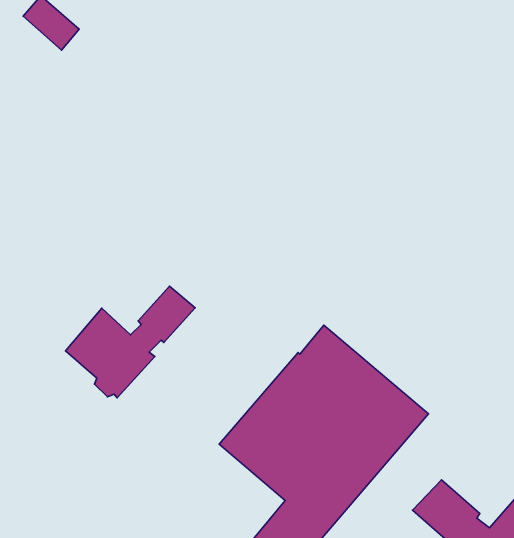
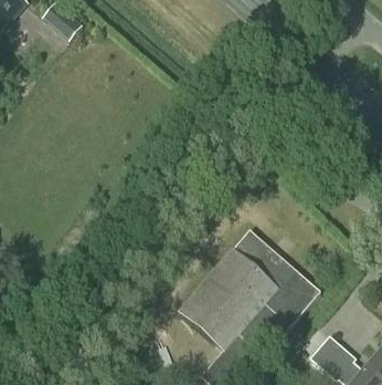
building: [66,286,195,398] -> none

